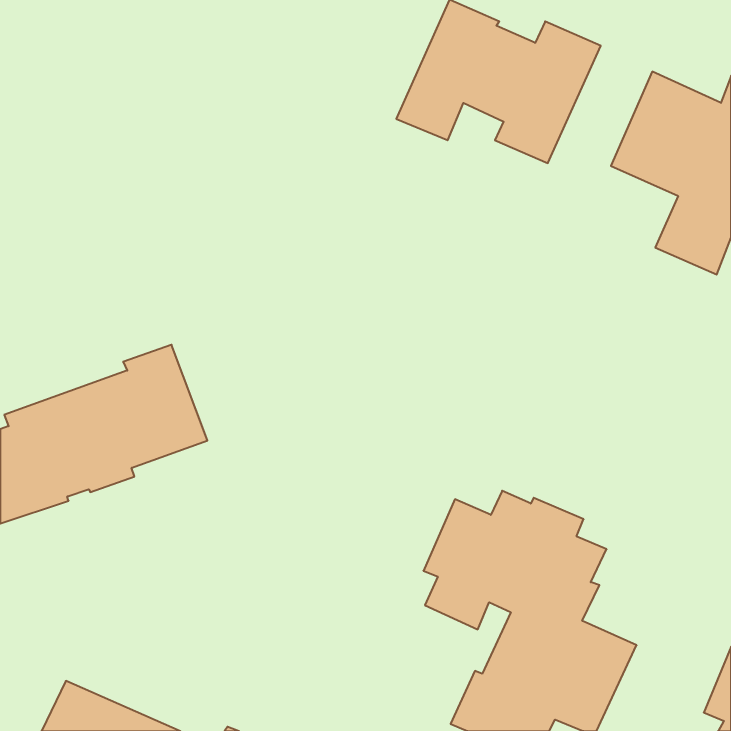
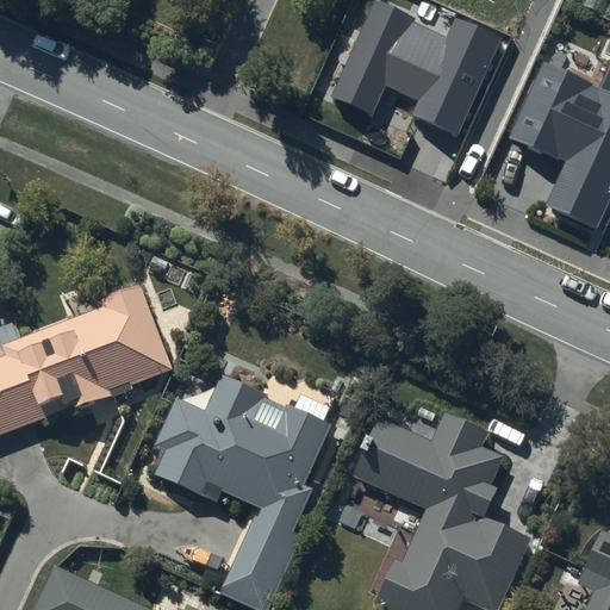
building: none -> [157,373,331,603]

